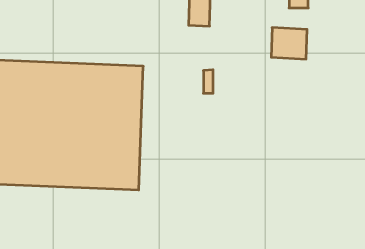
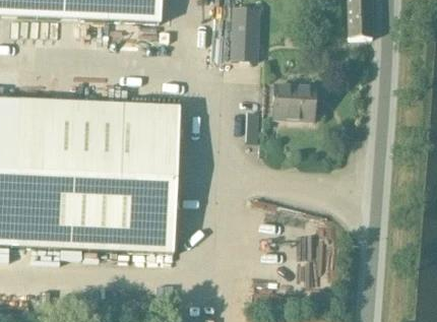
building: [271,28,307,59] -> [272,83,314,120]

